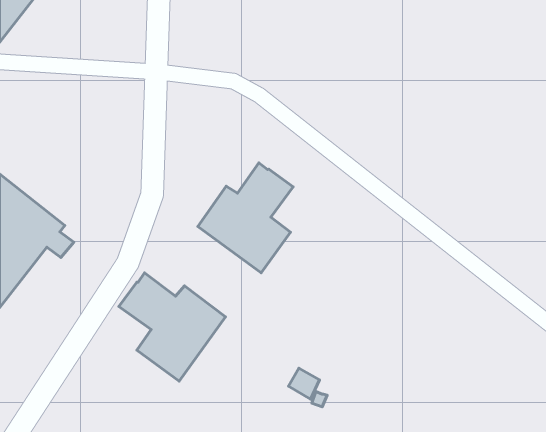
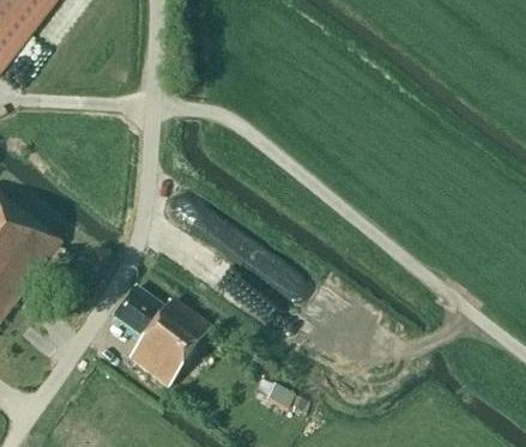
building: [198,163,293,273] -> none

